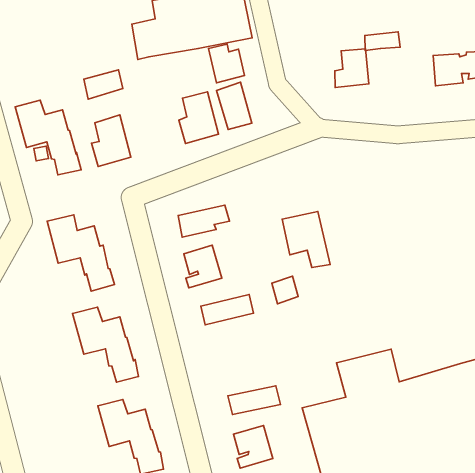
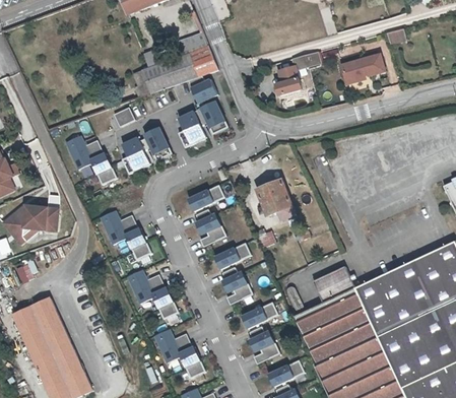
building: none -> [142,128,171,161]
building: none -> [222,274,251,306]

